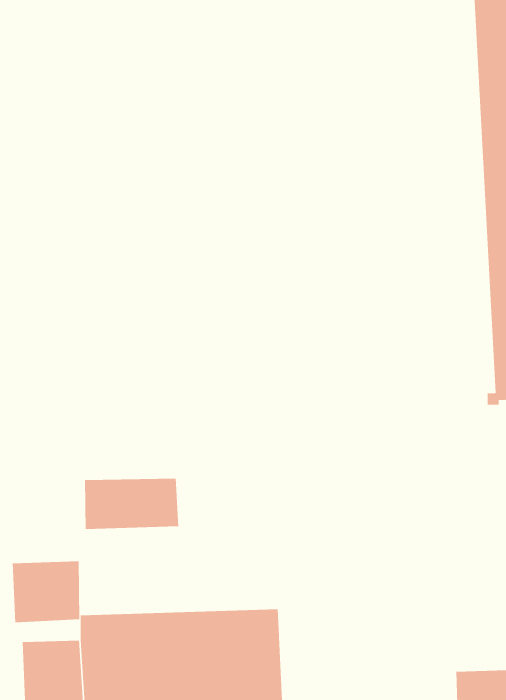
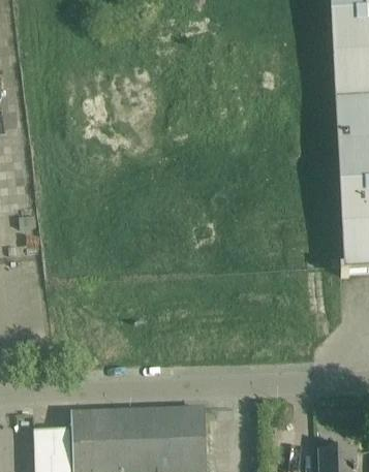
building: [84,478,179,530] -> none
building: [12,561,80,623] -> none

